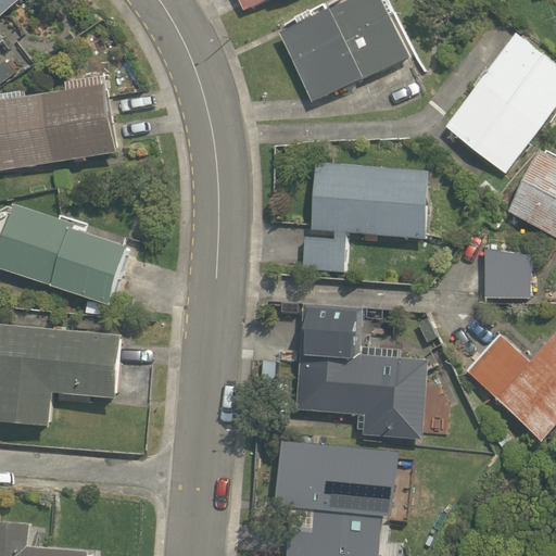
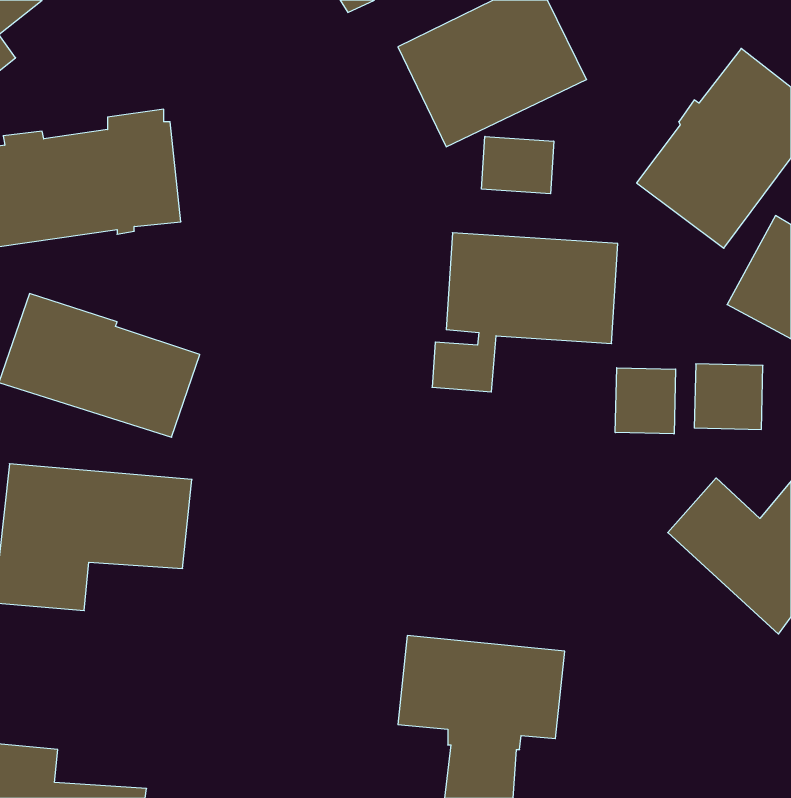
building: none -> [482,136,554,194]
building: none -> [615,368,676,434]
building: [292,304,426,439] -> none

